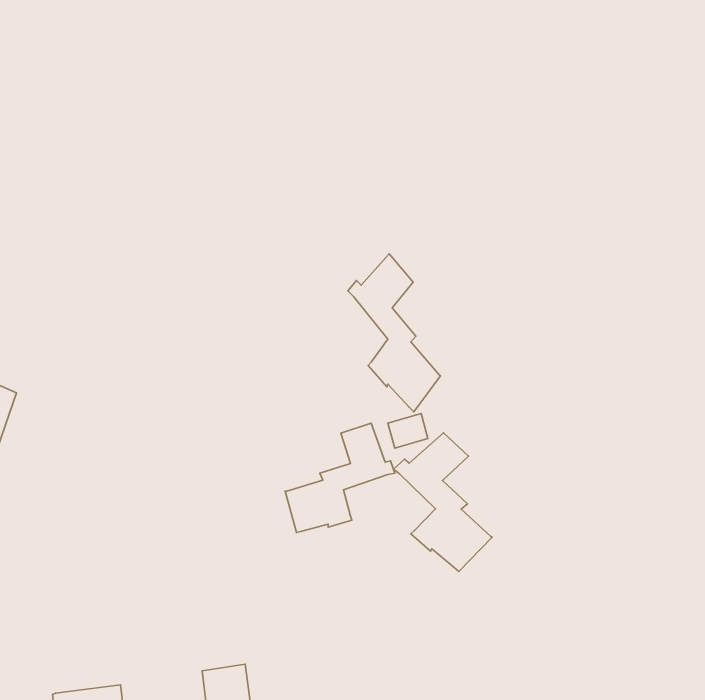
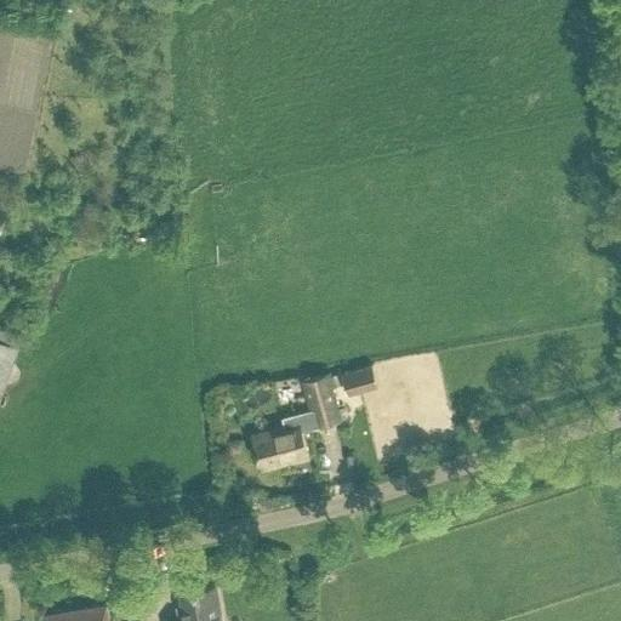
building: [348,254,440,412] -> none
building: [394,433,492,571] -> none

